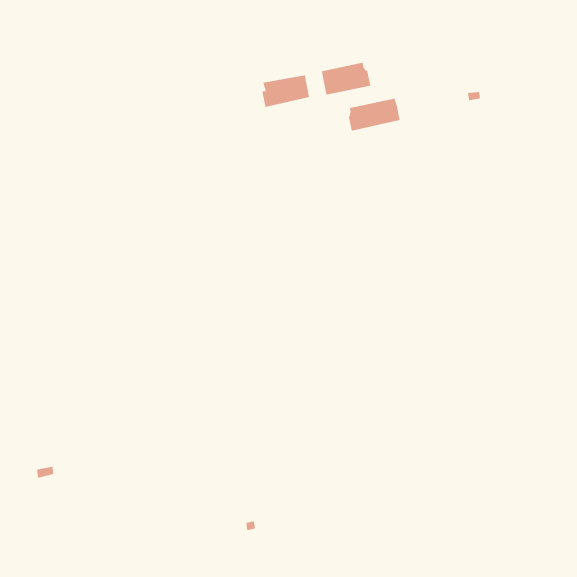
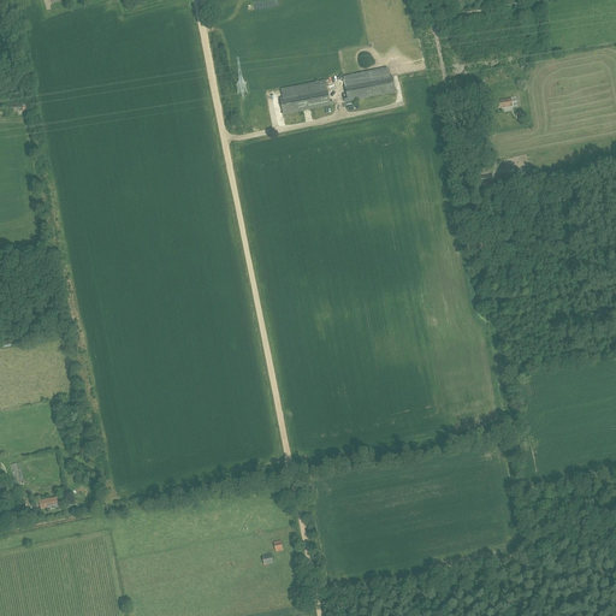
building: [348,98,400,131] -> none

